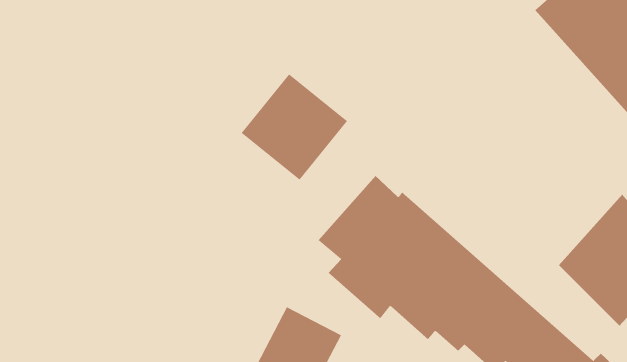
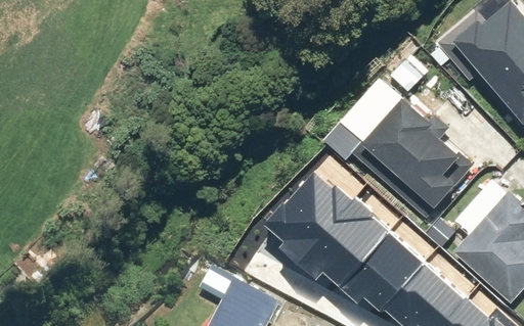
building: none -> [344,80,472,209]
building: [241,74,348,180] -> none

